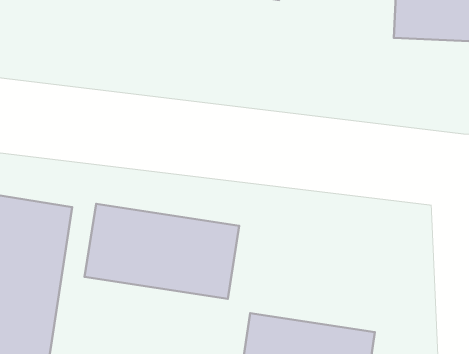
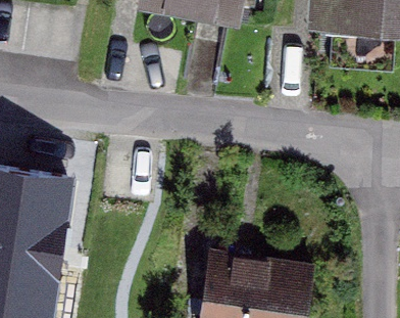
building: [85,204,239,299] -> none

